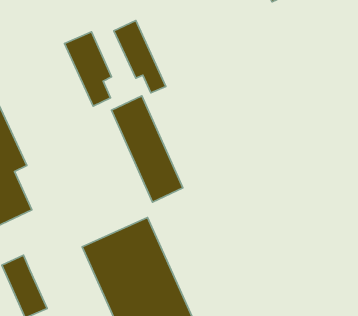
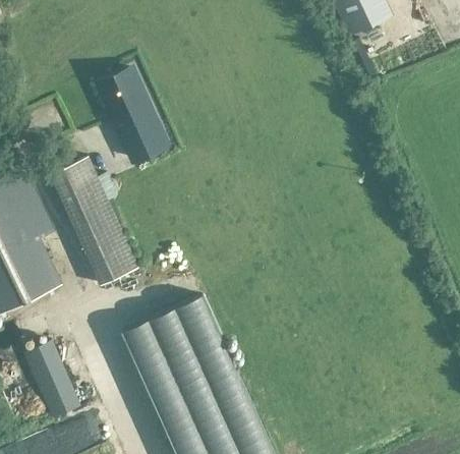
building: [114,21,166,93] -> none
building: [112,96,183,202] -> [52,156,138,285]

